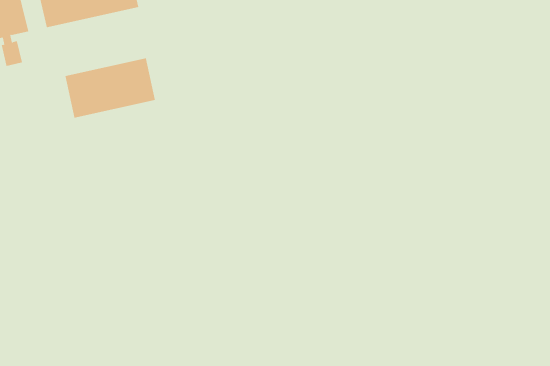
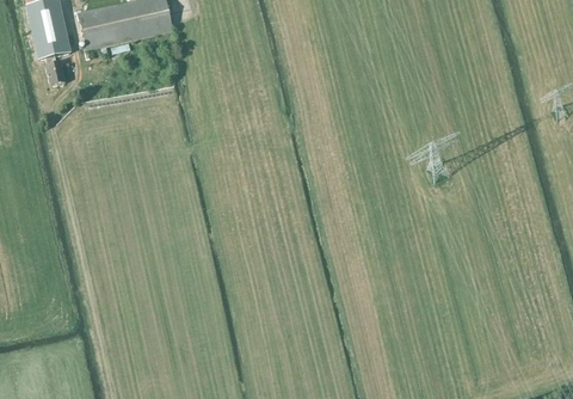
building: [65,57,156,119] -> none

